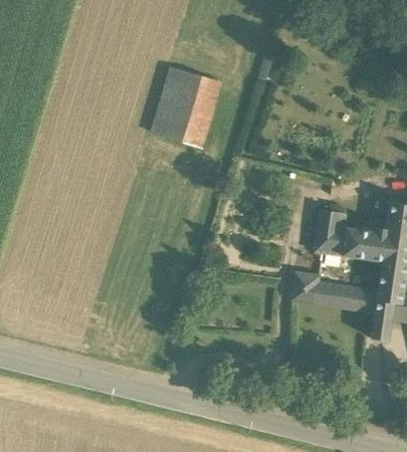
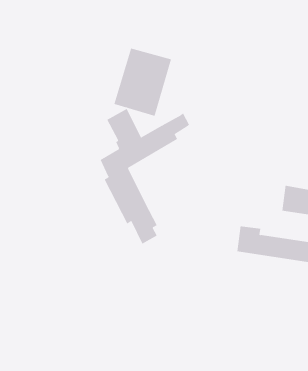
building: none -> [100,108,190,244]
building: [315,208,347,254] -> none

